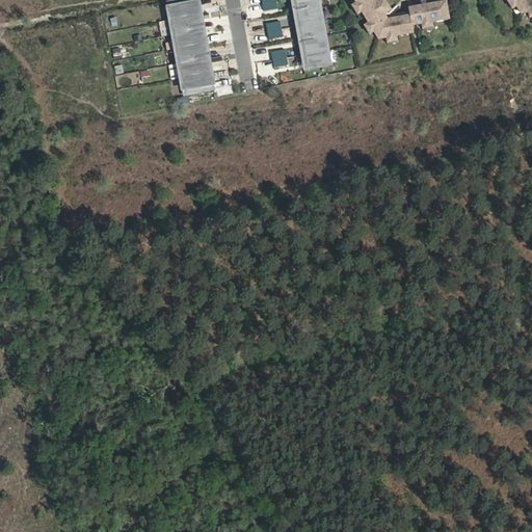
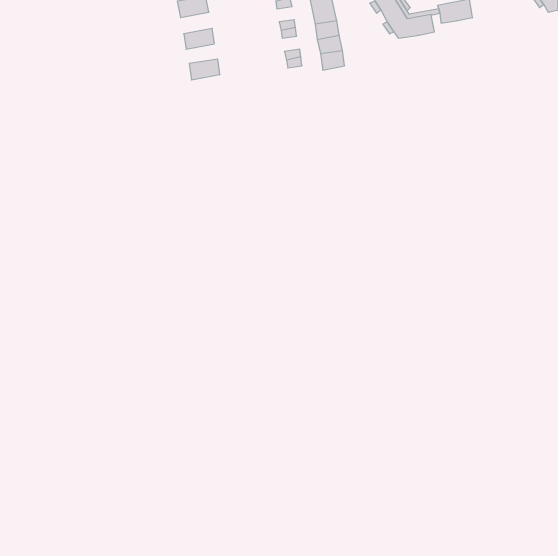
building: [171,11,202,32] -> none
building: [177,42,207,60] -> none
building: [182,71,212,90] -> none

